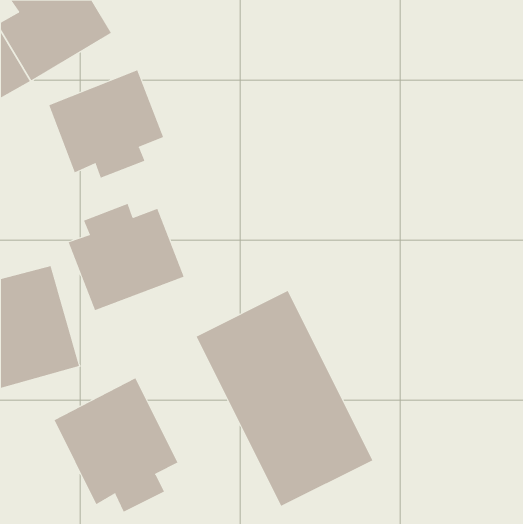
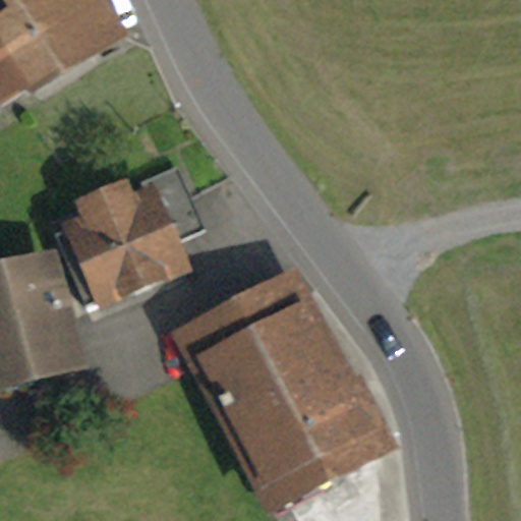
building: [48,69,164,179] -> none
building: [54,378,178,512] -> none

